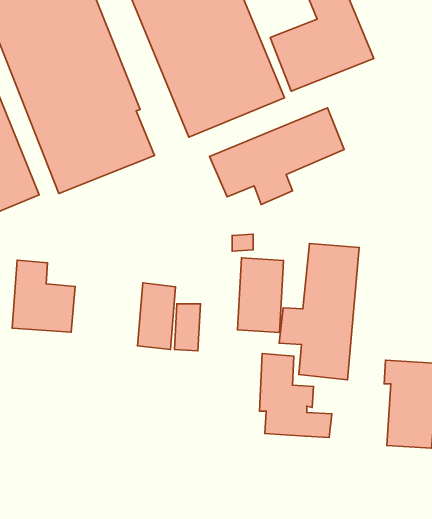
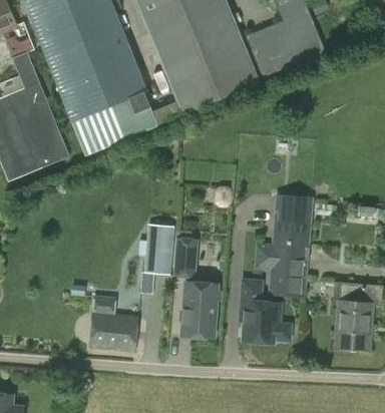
building: [210,108,344,205] -> none
building: [238,258,283,333] -> [180,279,216,336]
building: [12,260,75,332] -> [89,296,137,351]

